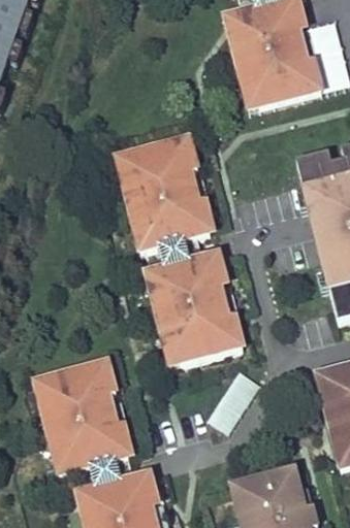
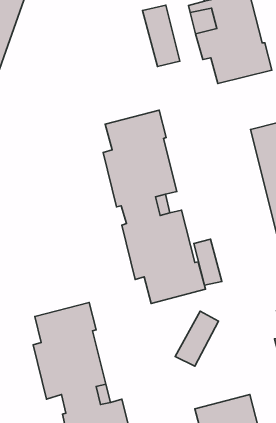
building: none -> [142,5,180,67]
building: none -> [194,239,222,285]

